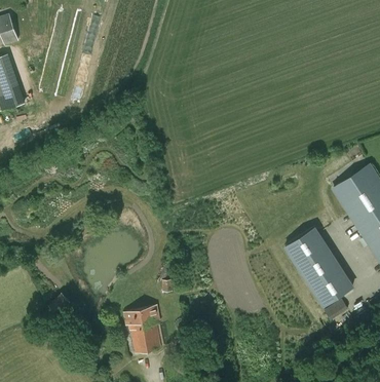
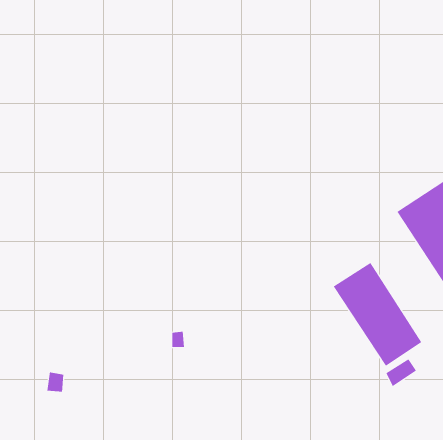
building: [124,306,161,353] -> none

